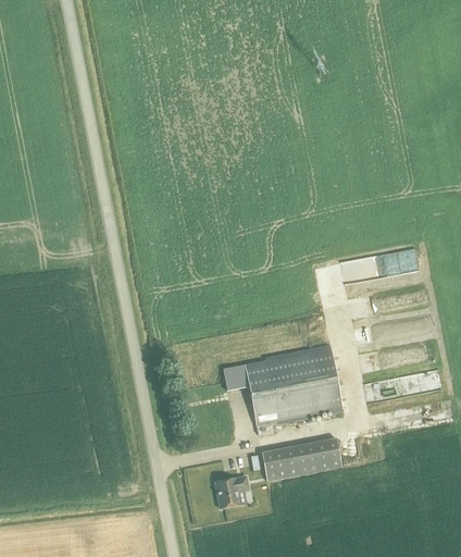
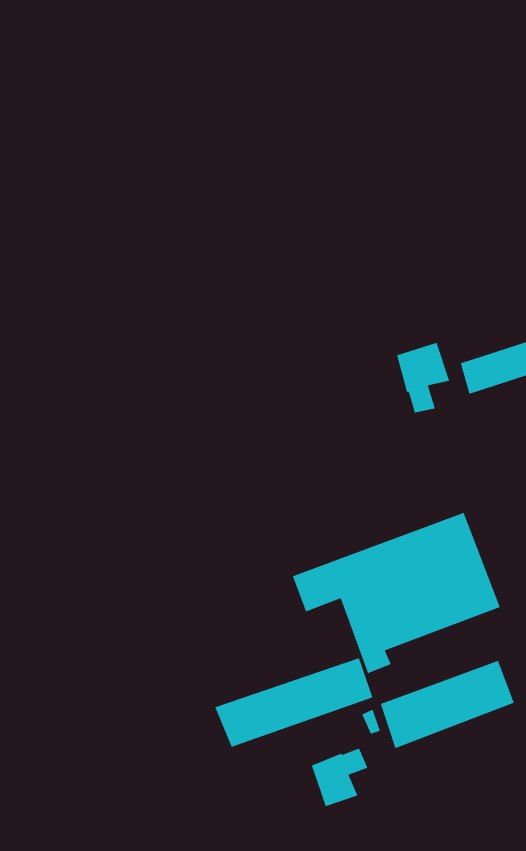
building: none -> [396,342,450,414]
building: none -> [214,657,374,748]

